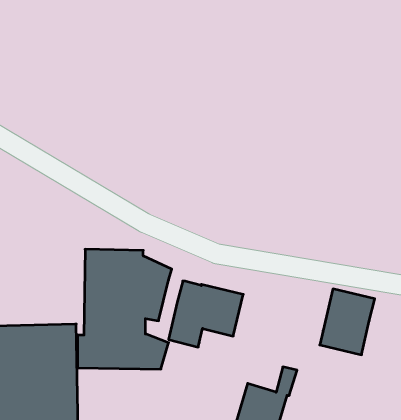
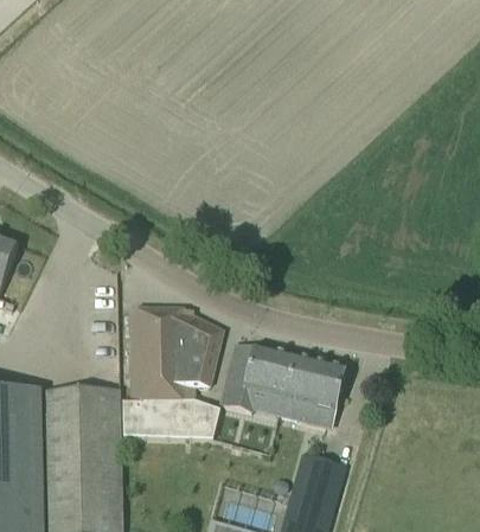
building: [320,289,375,355] -> [286,357,345,428]

